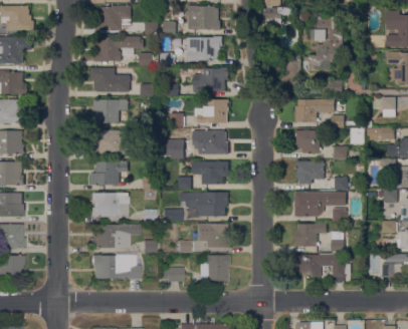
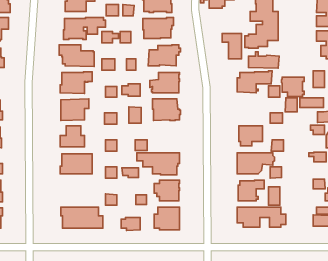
building: [295,130,322,152] -> [281,77,304,96]
building: [192,160,228,184] -> none
building: [90,223,140,247] -> none

